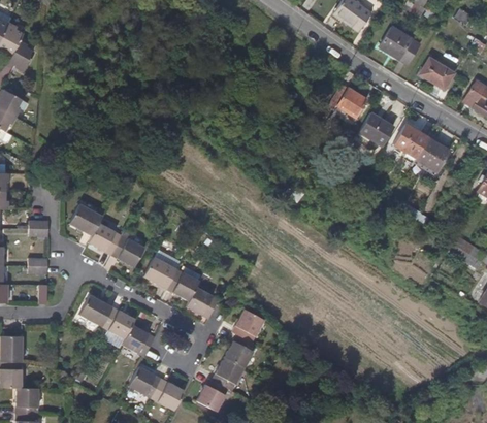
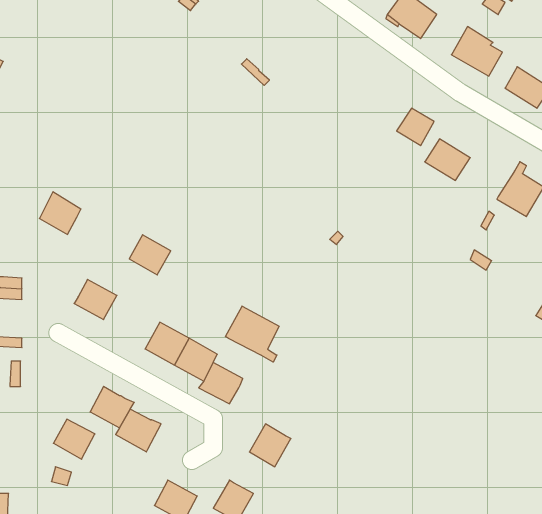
building: [394,126,427,158] -> none
building: [69,202,101,235] -> [39,192,81,234]
building: [110,234,142,265] -> [129,235,171,275]
building: none -> [225,306,279,362]
building: [78,293,110,324] -> [53,419,95,459]
building: [230,308,262,343] -> none
building: [210,355,242,389] -> none
building: [127,364,160,396] -> none

